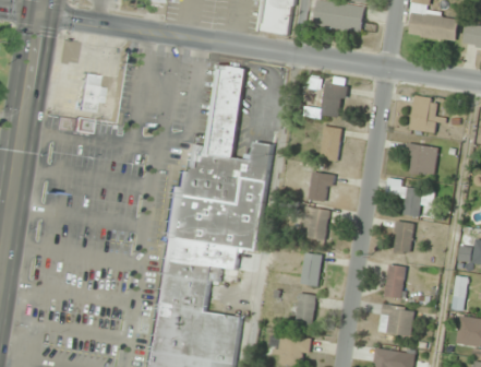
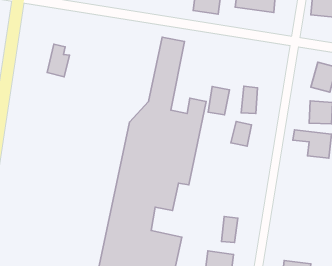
building: [321,82,348,118] -> [208,86,229,115]
building: [302,208,329,240] -> none
building: [394,223,413,254] -> none
building: [302,253,323,287] -> none
building: [386,265,407,298] -> none
building: [380,305,414,336] -> none

